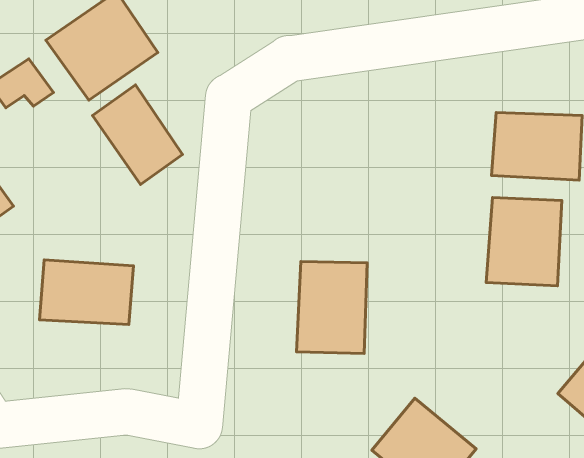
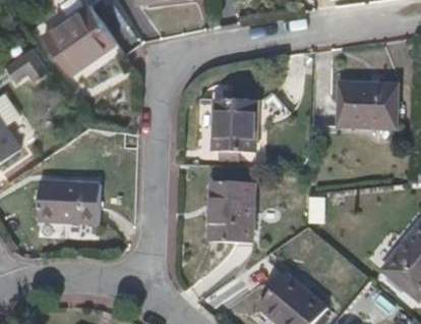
building: [92,85,183,184] -> none
building: none -> [213,94,286,155]
building: [486,198,562,286] -> none

